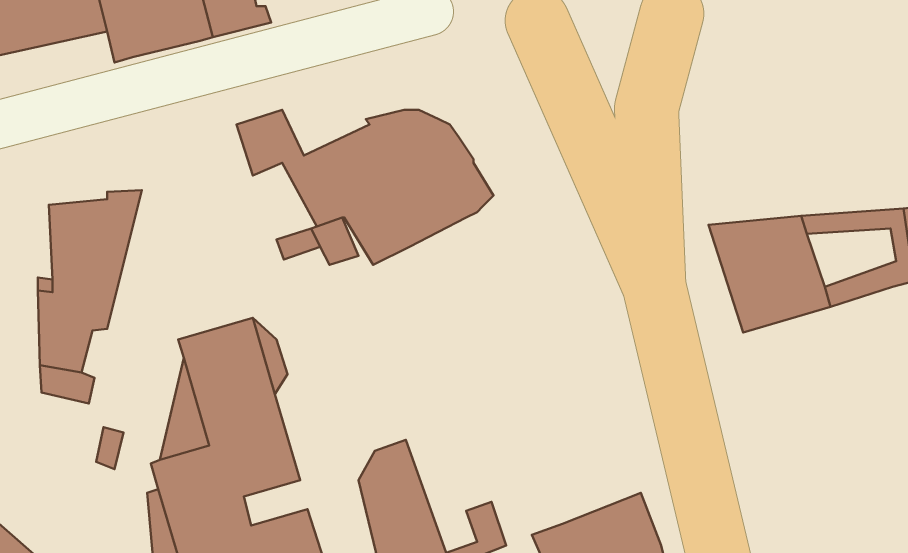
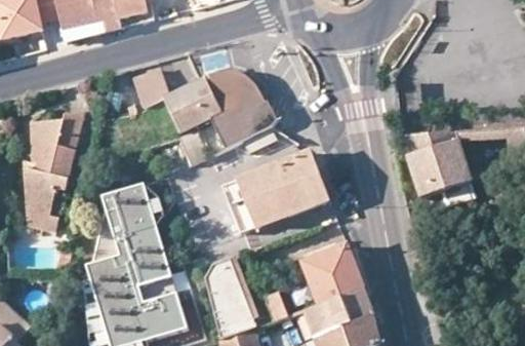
building: none -> [220,149,329,232]
building: none -> [302,242,363,302]

